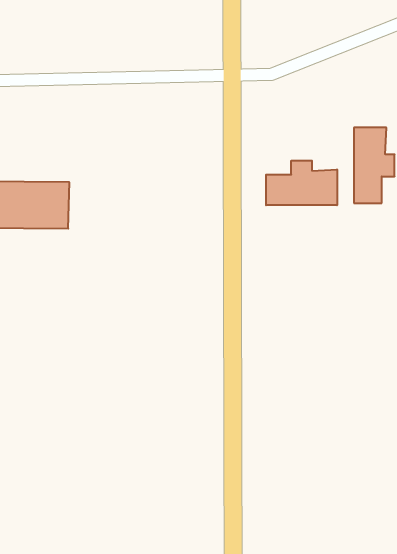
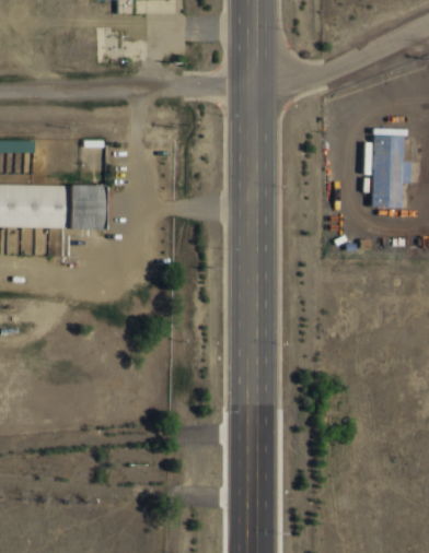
building: [266,161,337,205] -> none

